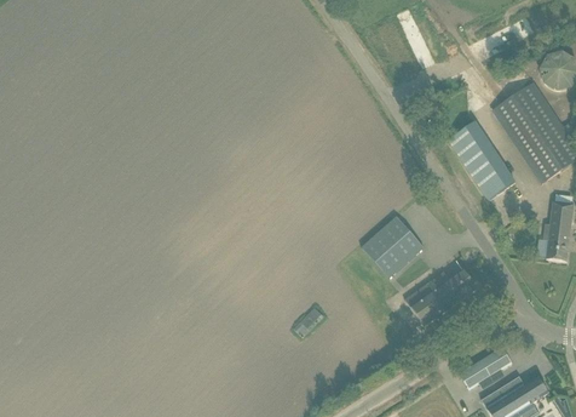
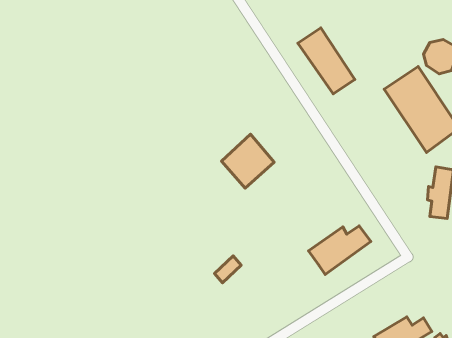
building: [448,121,514,199] -> [298,28,355,94]
building: [362,215,424,278] -> [221,134,274,188]
building: [459,347,511,389] -> none

